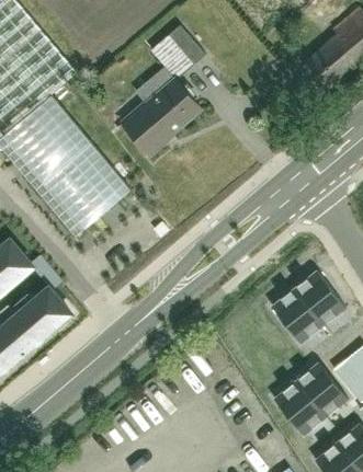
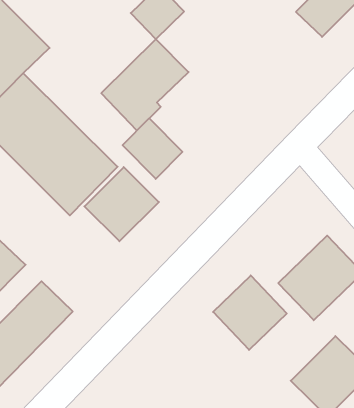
building: none -> [123,118,182,179]
building: none -> [84,167,159,241]
building: none -> [213,275,287,350]

